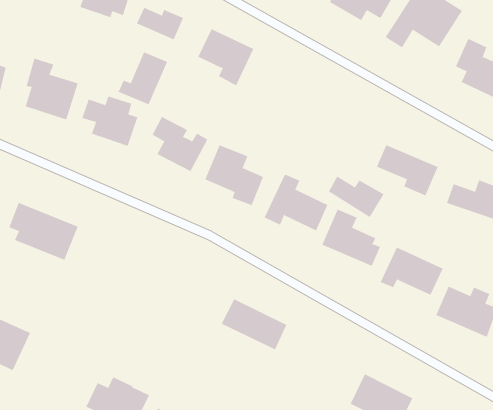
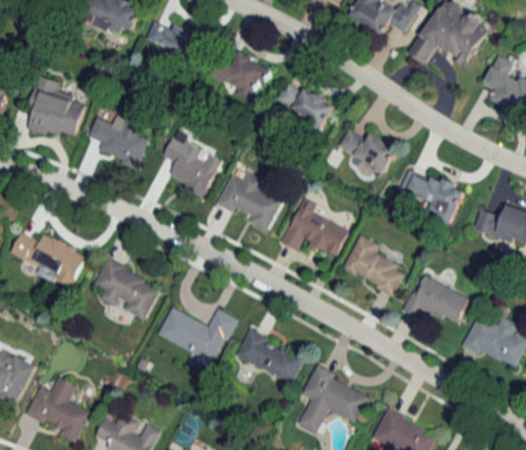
building: [118,51,168,105] -> none
building: none -> [274,80,334,126]
building: [328,176,385,218] -> [338,129,398,174]
building: none -> [93,259,161,321]
building: none -> [155,306,236,366]
building: none -> [298,364,368,434]
building: none -> [25,376,90,440]

